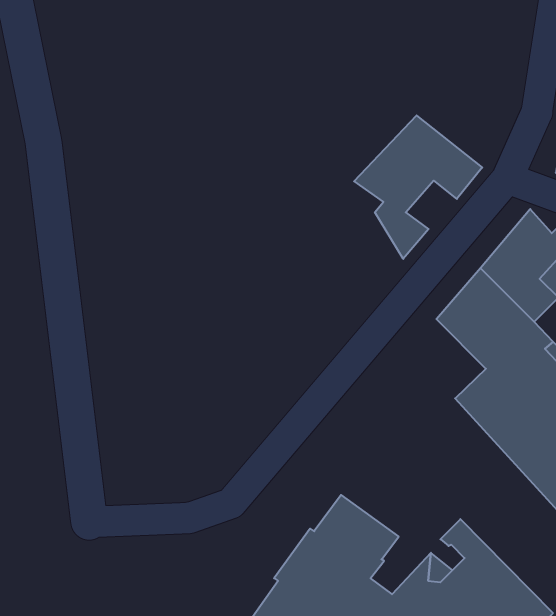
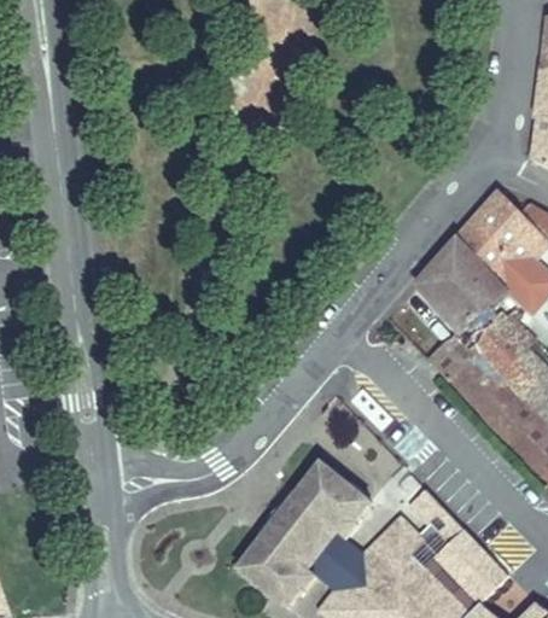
building: [354,115,482,259] -> none

